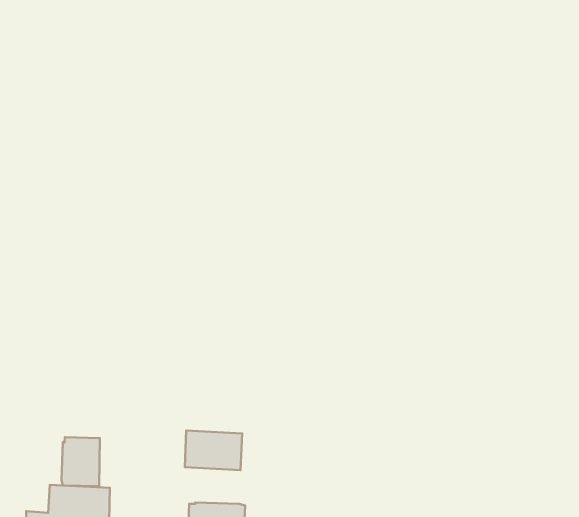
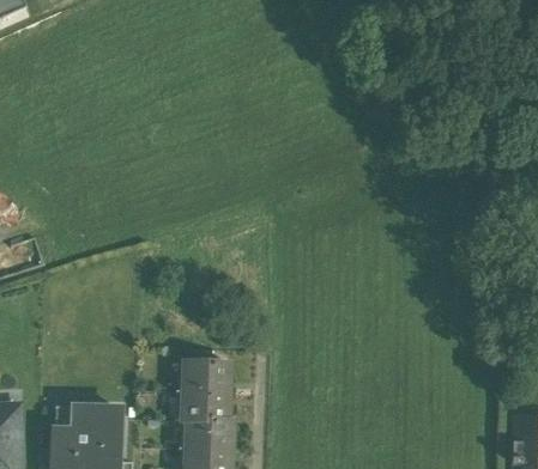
building: [62,437,100,486] -> none
building: none -> [181,389,228,419]

